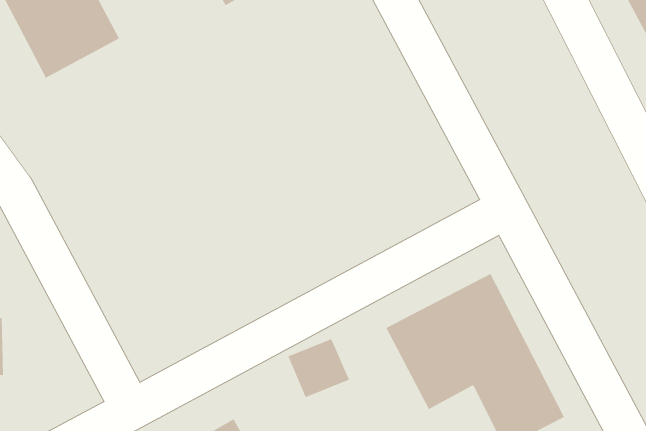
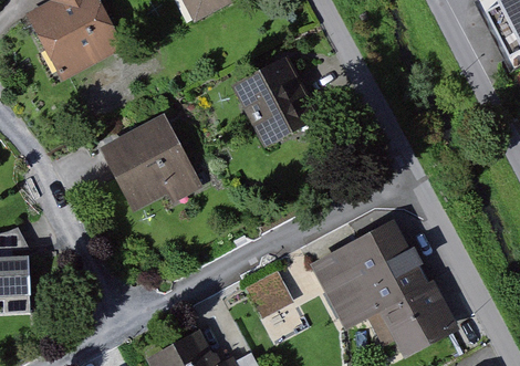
building: none -> [235,61,314,146]
building: none -> [103,119,190,208]

